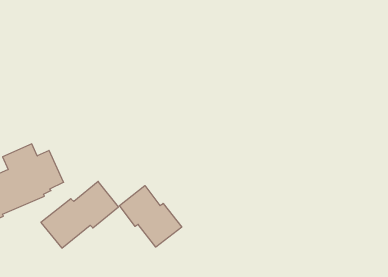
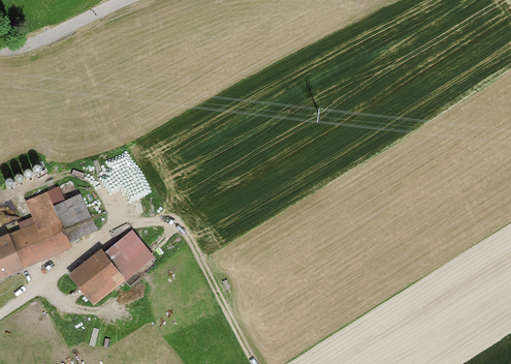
building: [119,186,182,247] -> none

